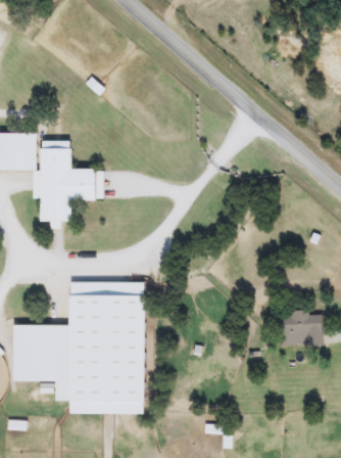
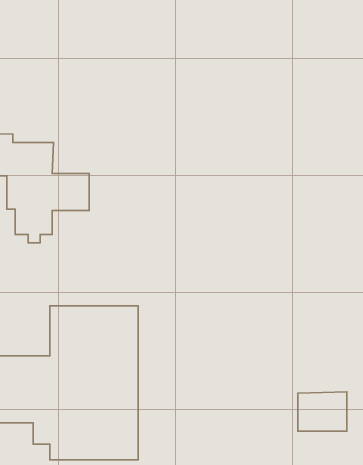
building: [280,311,322,345] -> [298,392,347,431]

